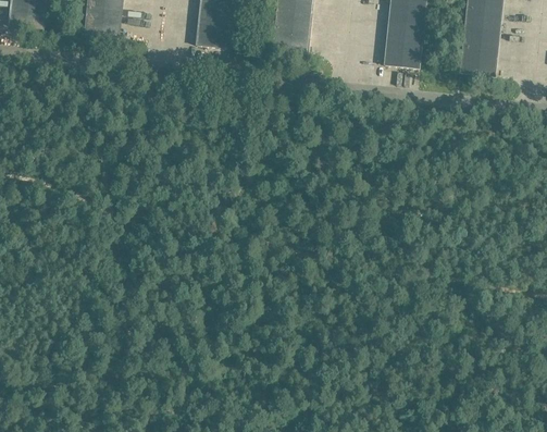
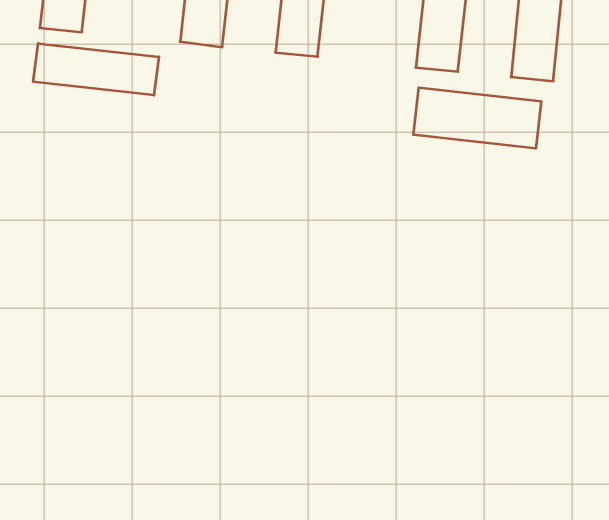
building: none -> [33,43,159,95]
building: none -> [413,88,541,148]

